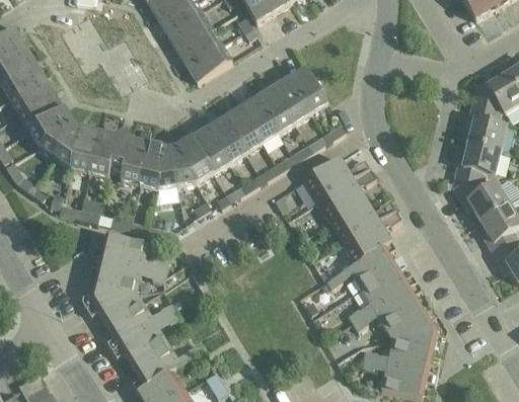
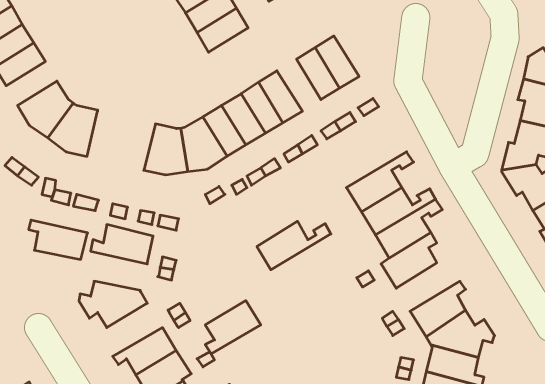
building: [255,87,294,133] -> none
building: [18,89,63,128] -> none
building: [89,132,149,184] -> none
building: [304,157,369,199] -> [257,221,331,270]
building: [90,255,142,290] -> [29,220,88,259]
building: [360,265,416,308] -> none
building: [106,301,155,347] -> [205,301,261,354]

